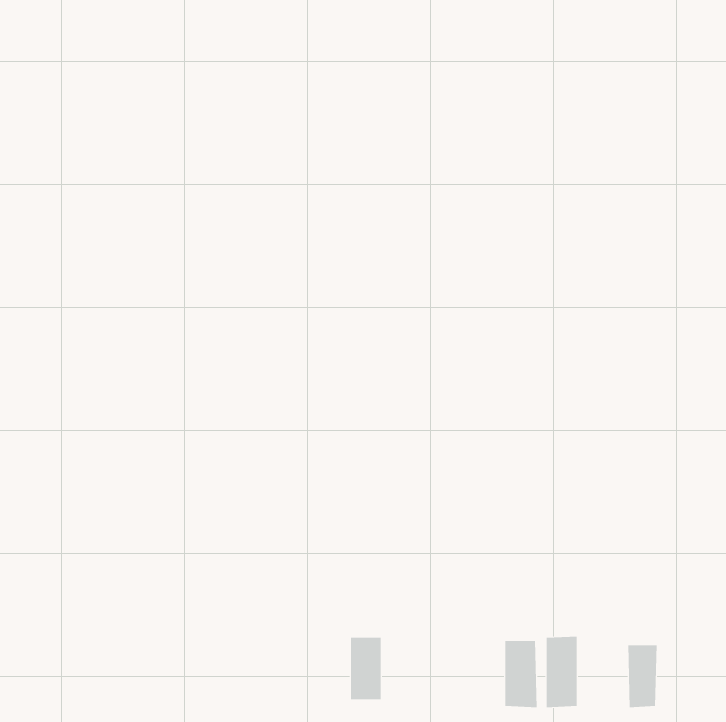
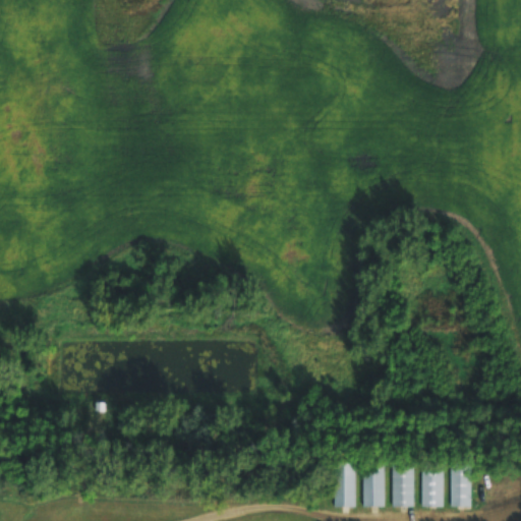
building: none -> [421,459,444,510]
building: [350,637,382,700] -> [334,465,356,510]

